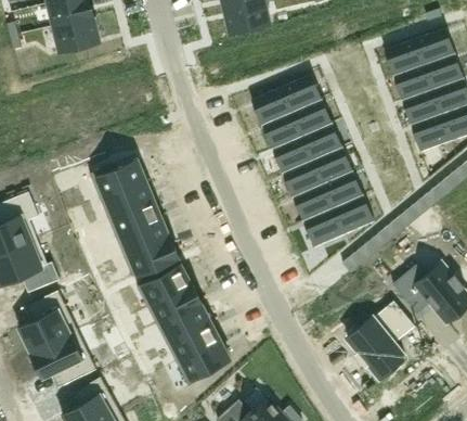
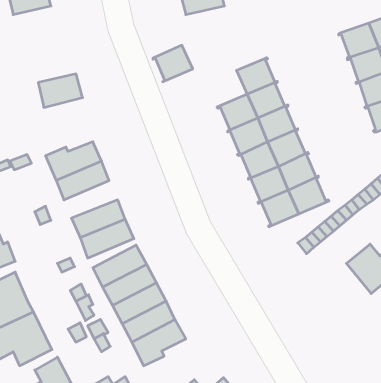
building: [56,24,101,58] -> [38,74,83,107]
building: [251,89,291,126] -> [153,45,193,82]
building: [107,200,161,238] -> none
building: [346,302,414,378] -> none

